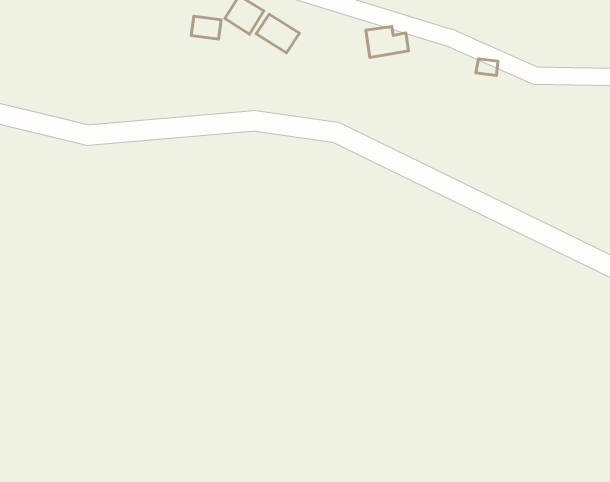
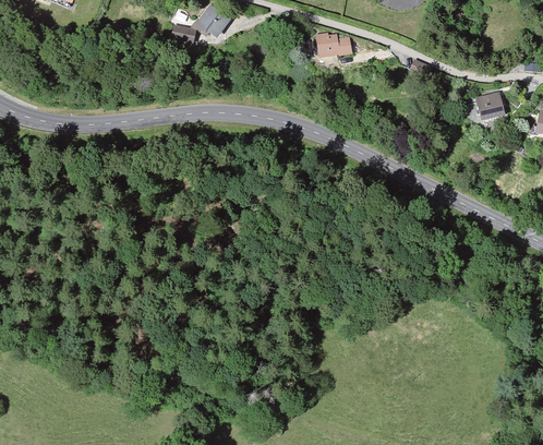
building: [256,14,299,53] -> none
building: none -> [472,92,503,121]

